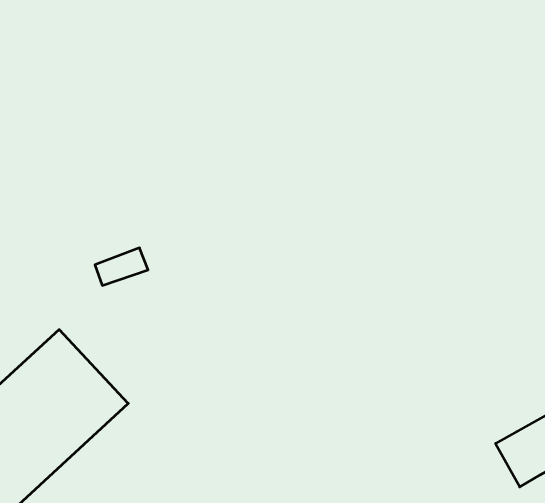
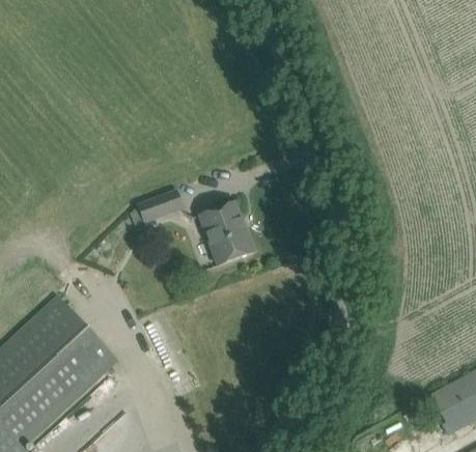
building: none -> [199,202,254,265]
building: [95,248,148,285] -> [138,190,184,222]

